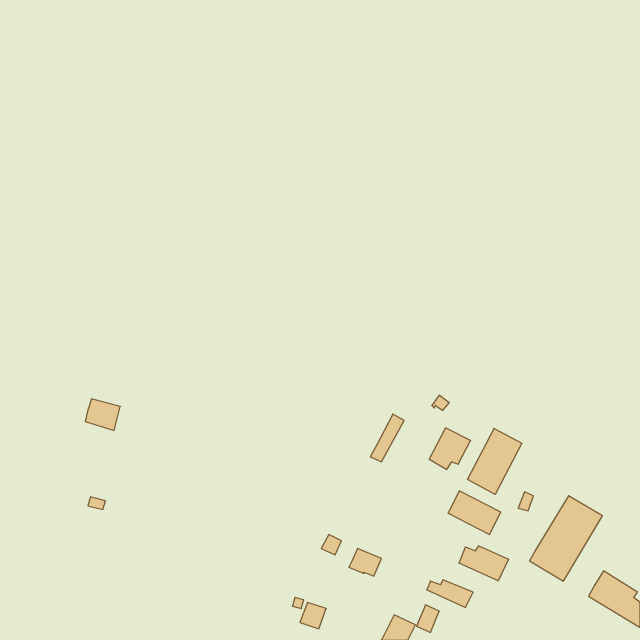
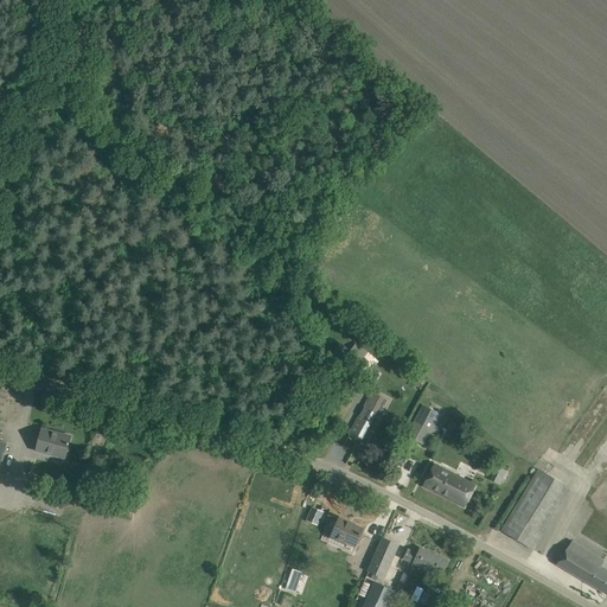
building: [85,399,120,430] -> [36,428,69,458]
building: [468,428,522,494] -> none
building: [459,546,509,581] -> none
building: none -> [366,537,397,576]

